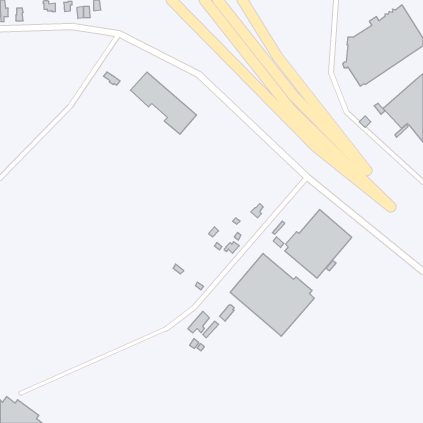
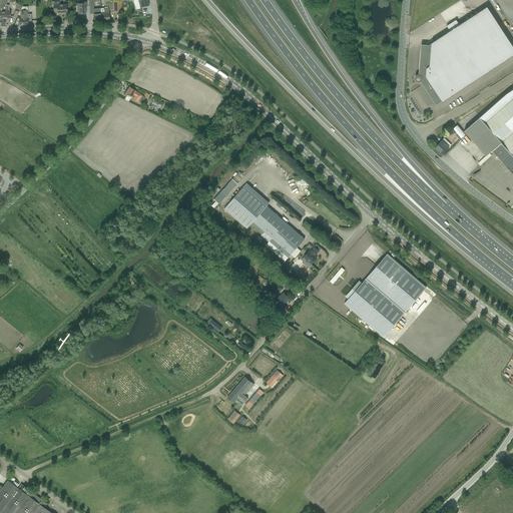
building: [130,72,197,134] -> [224,186,305,262]
building: [230,253,314,336] -> none

